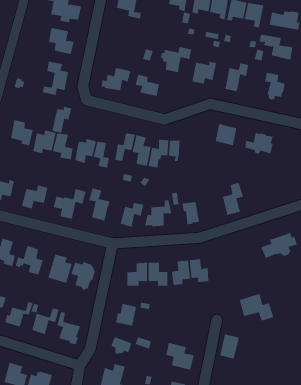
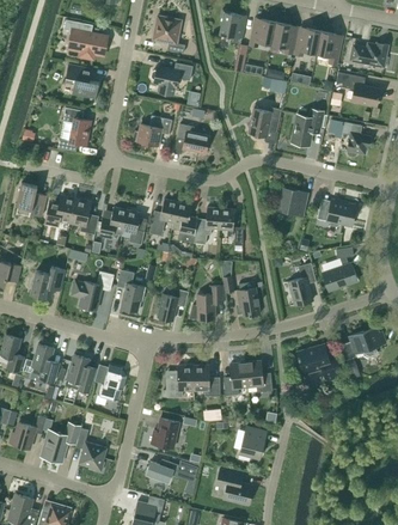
building: [160,47,193,73] -> [152,62,194,96]
building: [52,106,72,133] -> none
building: none -> [324,246,356,289]
building: [239,293,274,321] -> [298,343,343,379]
building: [219,334,240,359] -> [240,426,267,458]

